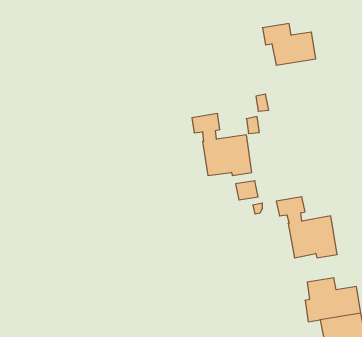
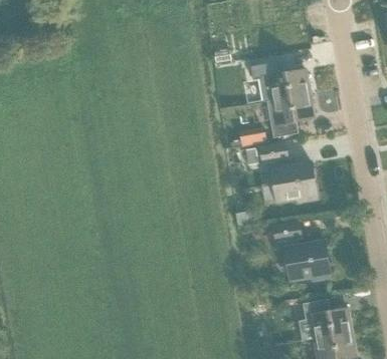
building: none -> [266,93,316,137]
building: [192,114,252,176] -> [260,142,317,201]

